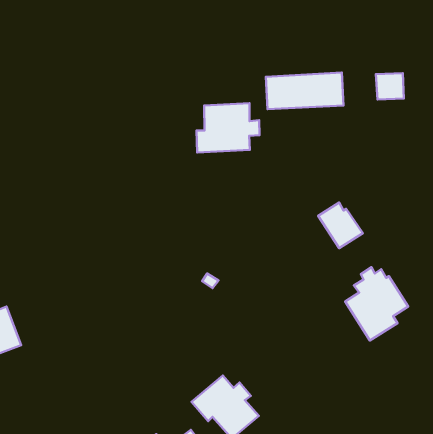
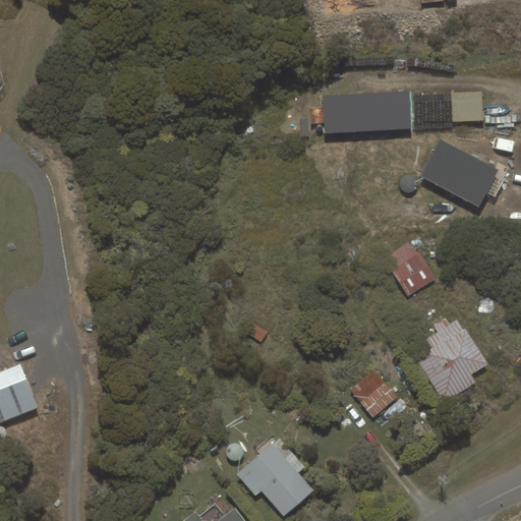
building: [197,103,260,153] -> none
building: none -> [419,138,503,207]
building: none -> [349,368,397,417]

